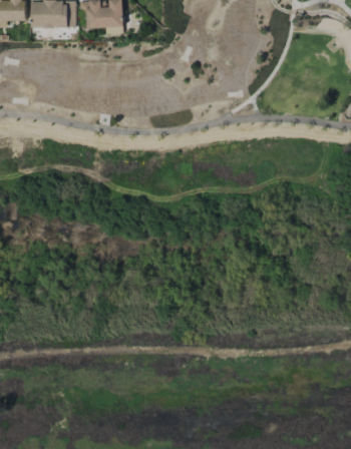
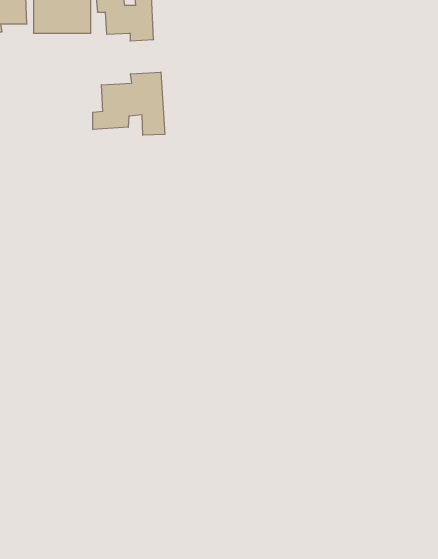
building: none -> [93,72,165,135]

